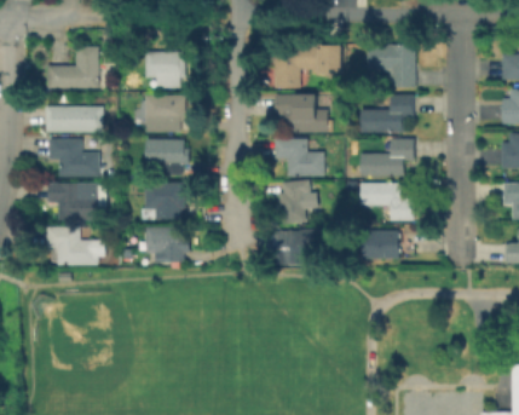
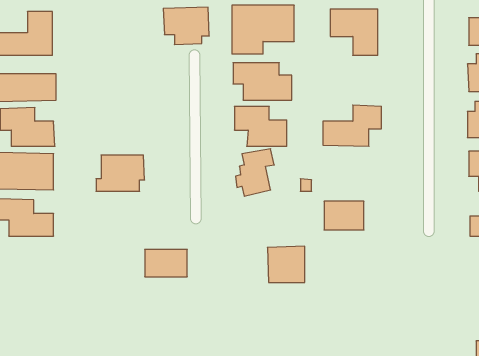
building: [144,52,189,88] -> [163,7,209,45]
building: [361,94,415,131] -> none
building: [144,96,185,131] -> none
building: [144,139,191,175] -> none
building: [362,180,417,219] -> none
building: [144,227,185,254] -> [145,249,187,277]
building: [272,229,308,264] -> [267,246,305,282]

